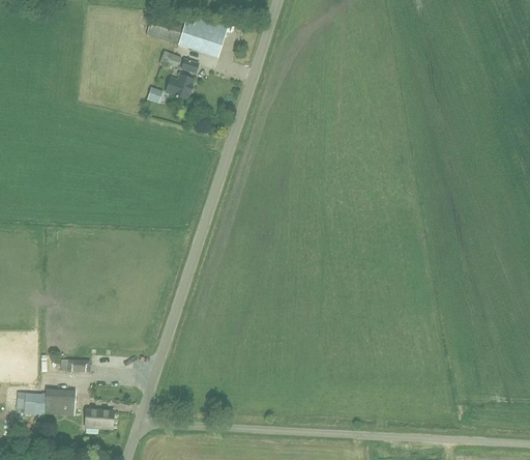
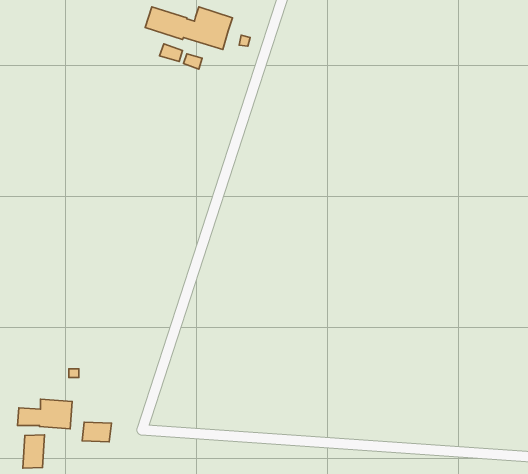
building: [165,75,193,99] -> none
building: none -> [23,435,45,468]

